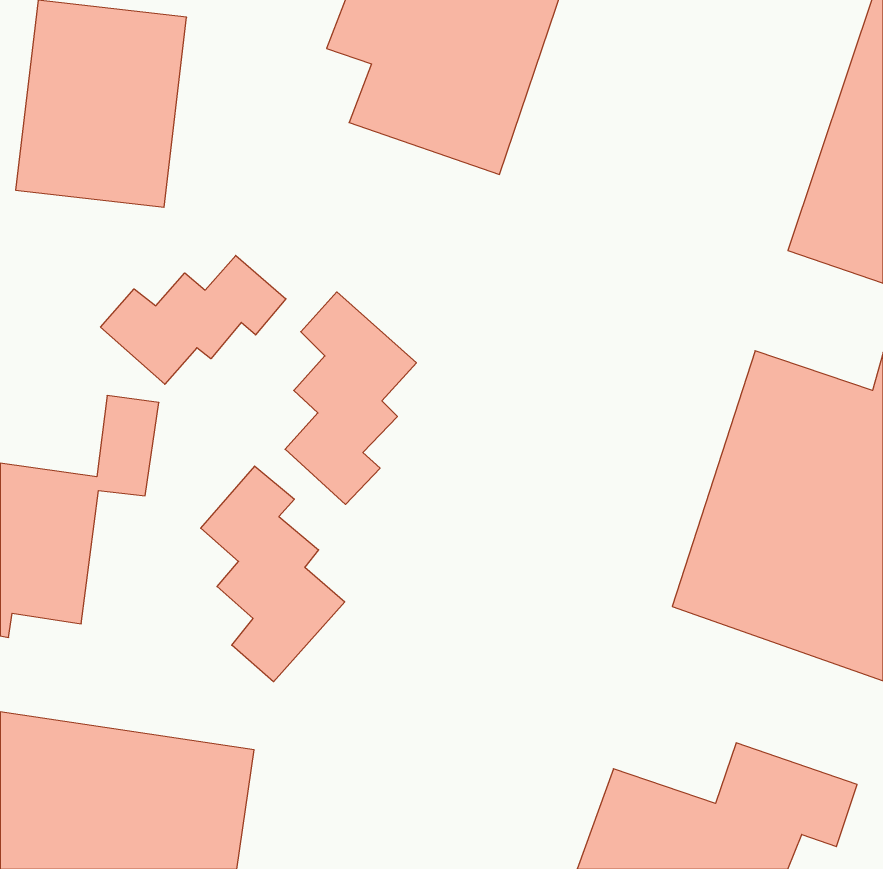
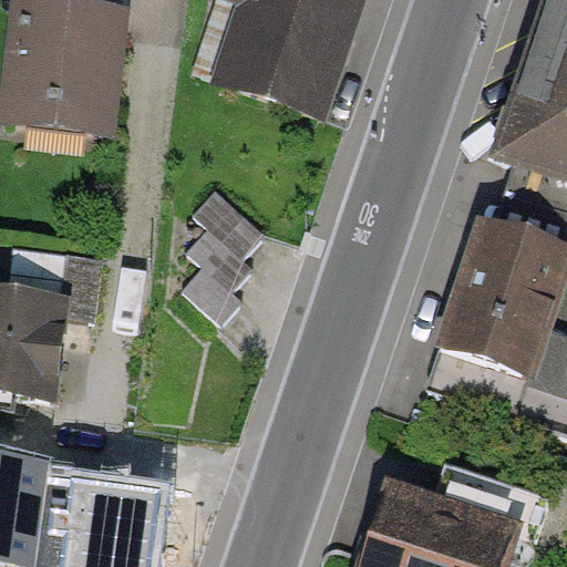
building: [101,255,286,384] -> none
building: [201,466,345,682] -> none

